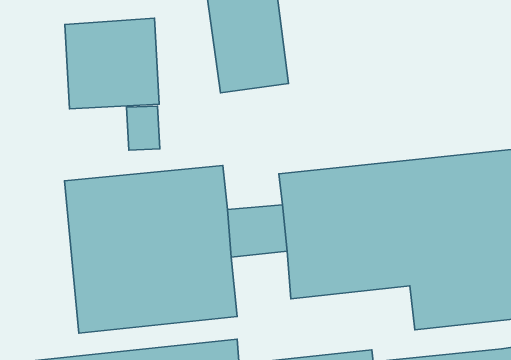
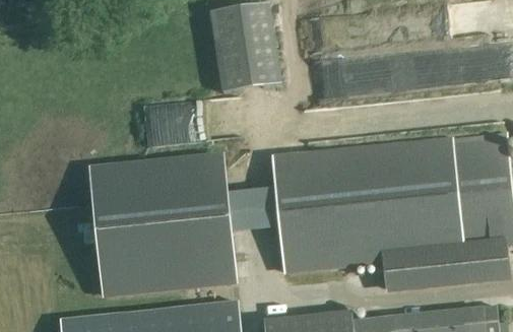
building: [65,18,159,109] -> none

